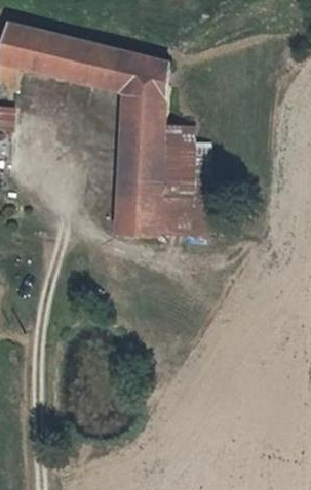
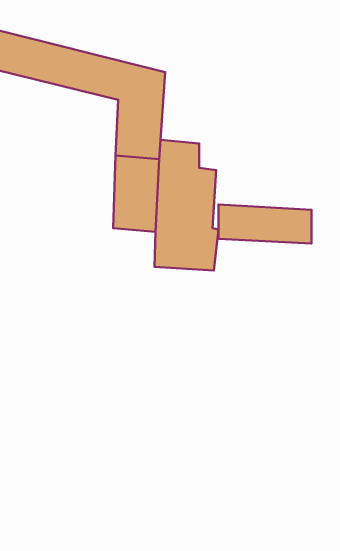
building: none -> [218,204,312,243]
building: [116,197,153,230] -> none

